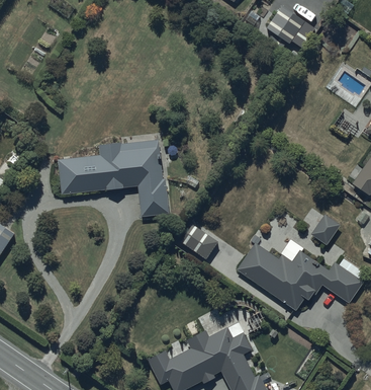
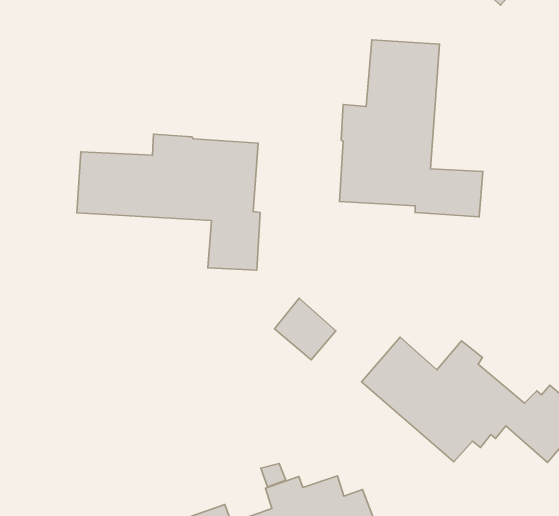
building: none -> [340,40,483,217]
building: [310,213,339,243] -> none

